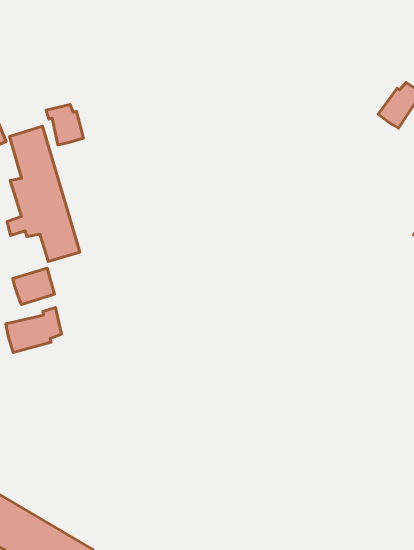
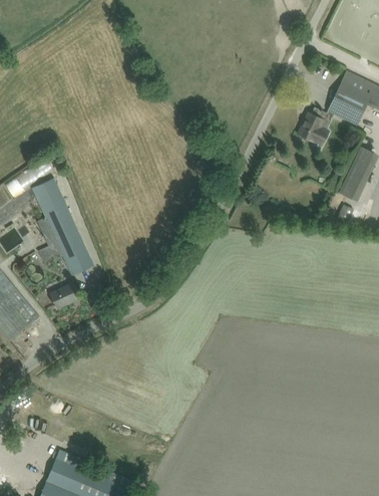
building: [46,104,84,145] -> none
building: [6,307,62,353] -> none

